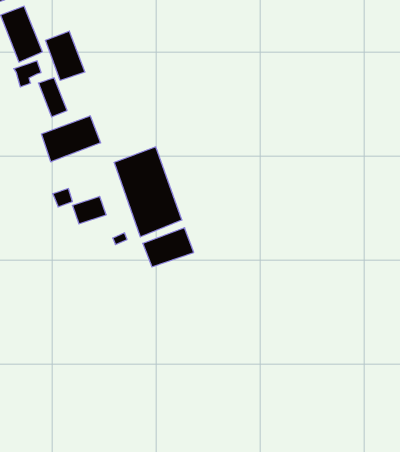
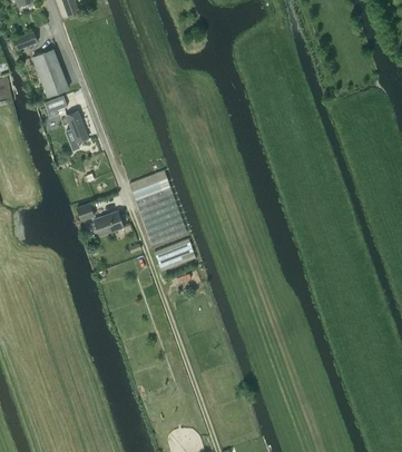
building: [45,31,85,80] -> none
building: [41,116,101,162] -> none

